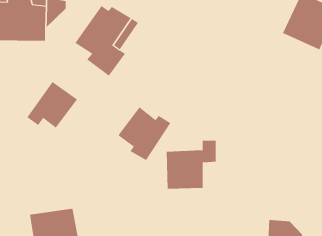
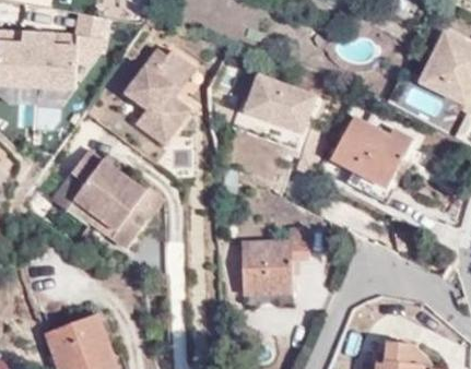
building: none -> [243,72,317,136]
building: none -> [331,119,412,204]
building: [118,106,171,161] -> [91,175,164,249]

